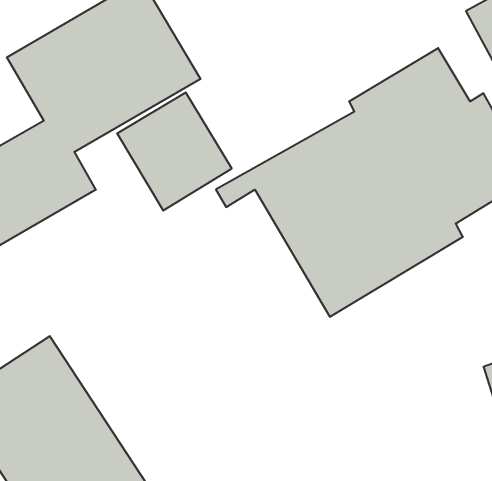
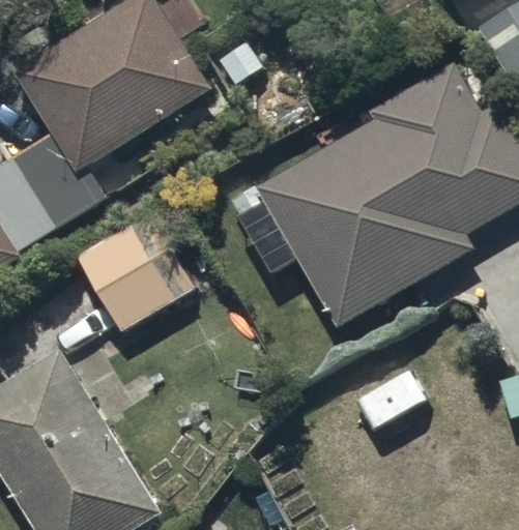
building: [117,93,232,211] -> [74,211,190,330]

